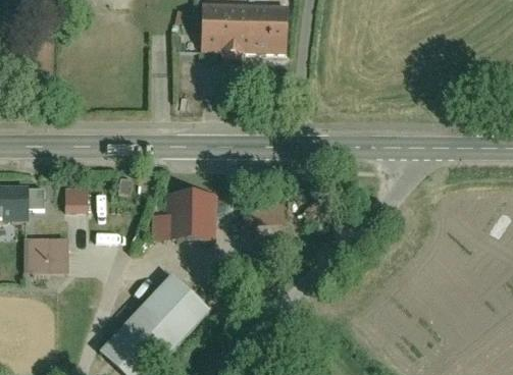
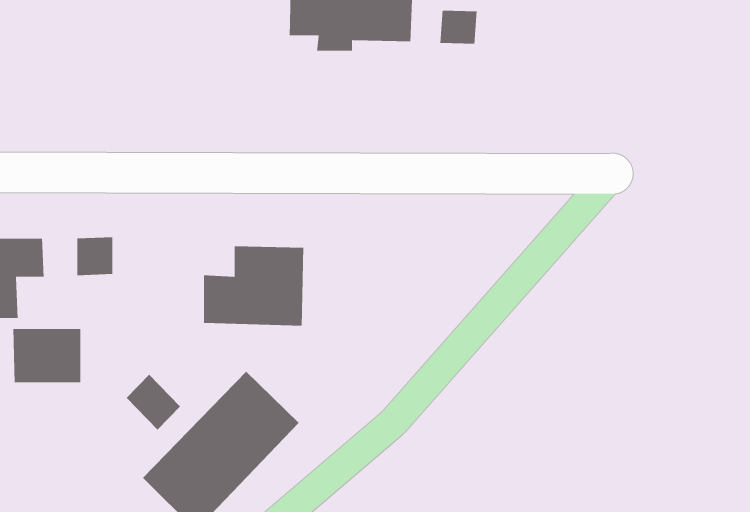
building: none -> [439,10,477,45]
building: none -> [126,374,181,430]

